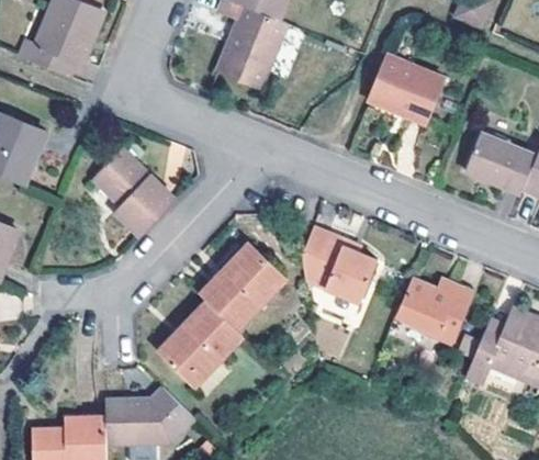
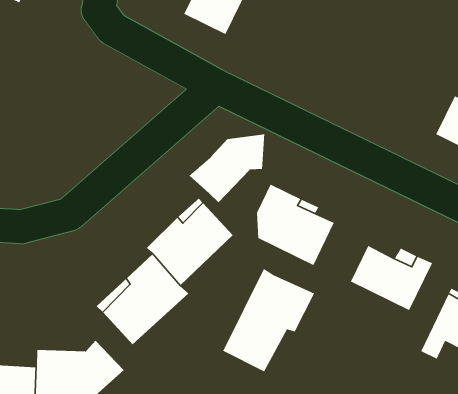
building: [369,55,442,123] -> none
building: [93,153,172,237] -> none
building: none -> [189,133,265,203]
building: none -> [222,268,315,372]

